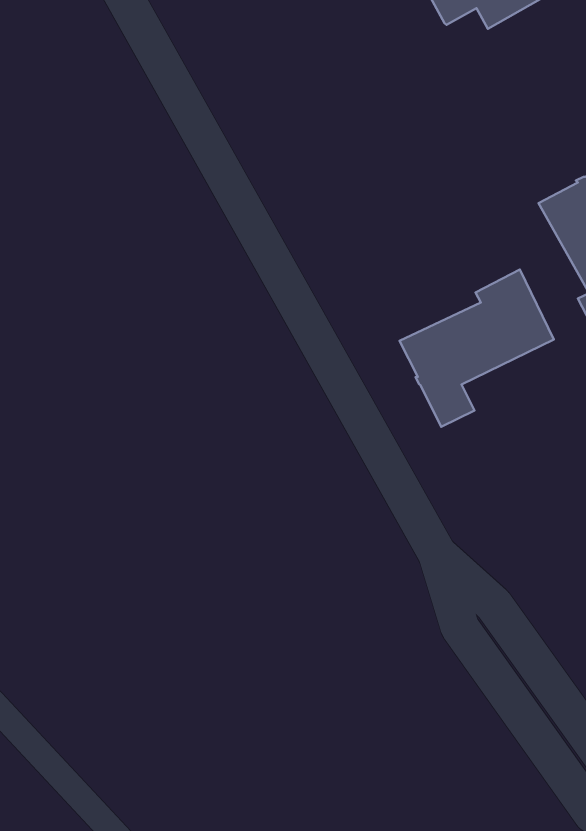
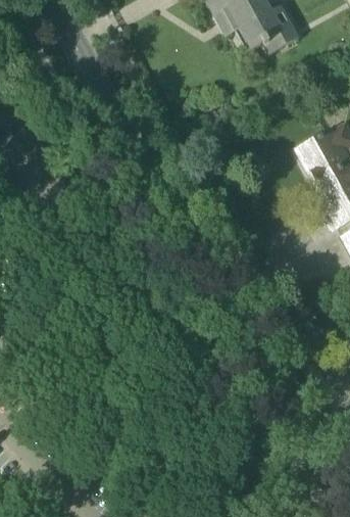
building: [399,270,554,427] -> none

